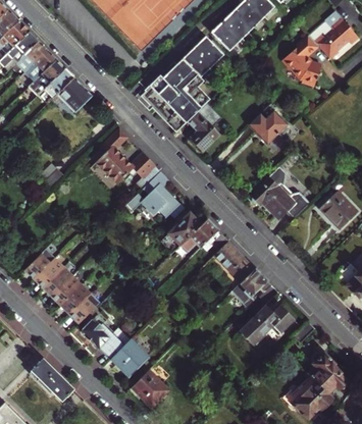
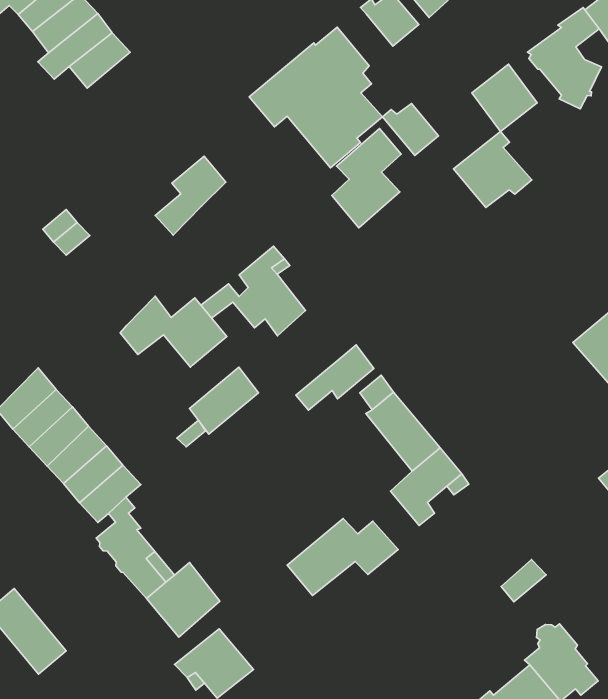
building: [183,49,212,75] -> [383,103,439,155]
building: none -> [472,64,537,131]
building: [60,80,95,114] -> none
building: [105,154,160,190] -> [120,296,227,367]
building: [252,167,308,219] -> none
building: [166,213,201,249] -> [189,367,258,434]
building: [239,306,295,347] -> [287,519,398,595]

